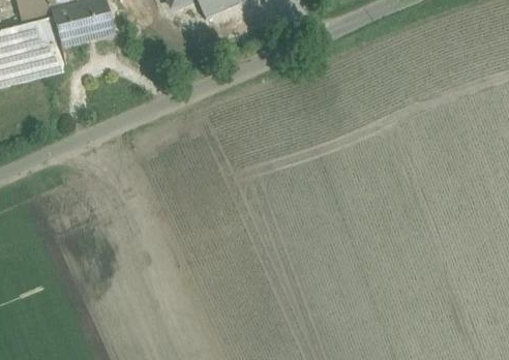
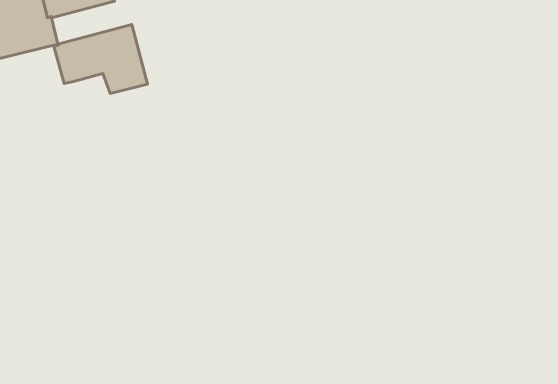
building: none -> [54,25,147,94]

